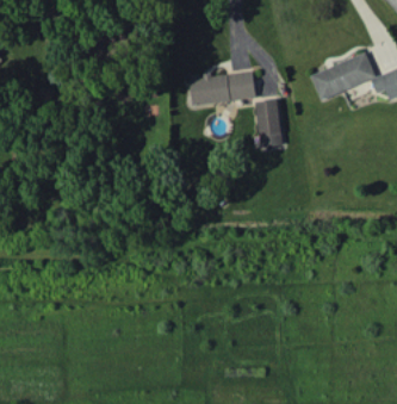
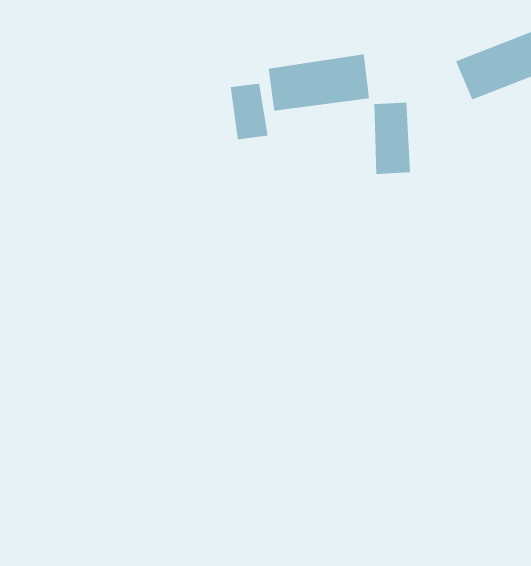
building: none -> [230,83,268,140]

